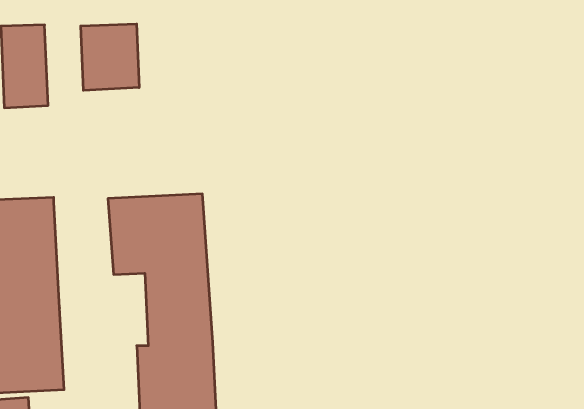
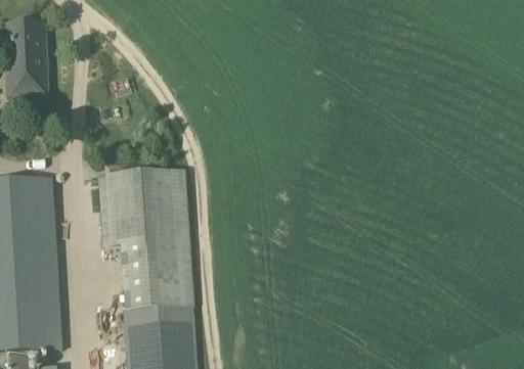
building: [81,24,139,90] -> none

